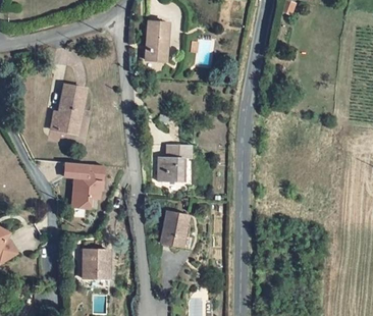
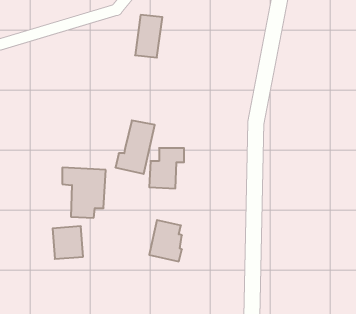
building: [48,81,85,130] -> [115,120,155,174]
building: [81,251,109,281] -> [53,226,83,259]

